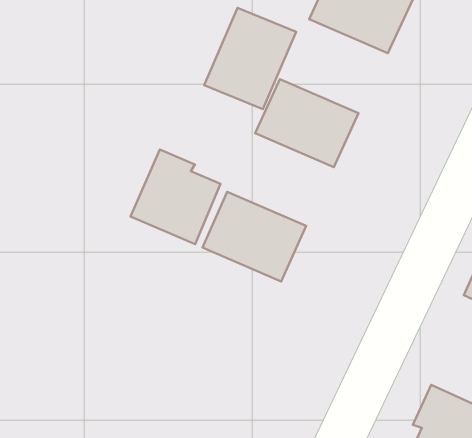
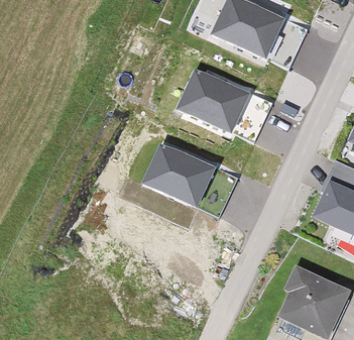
building: [204,8,296,109] -> none
building: [131,150,220,244] -> none

